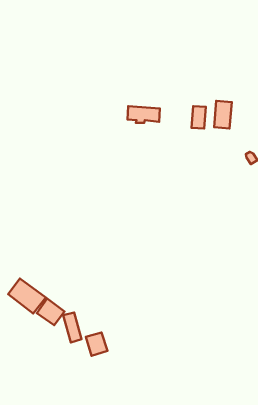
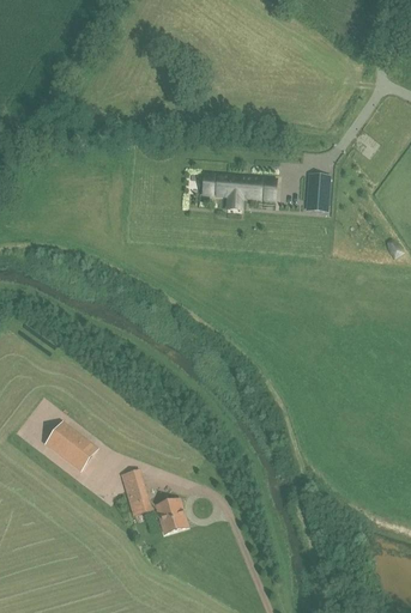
building: [214,101,232,129] -> none
building: [37,299,65,325] -> none

